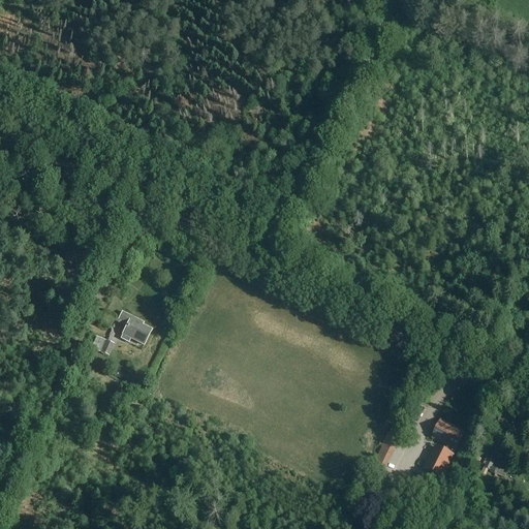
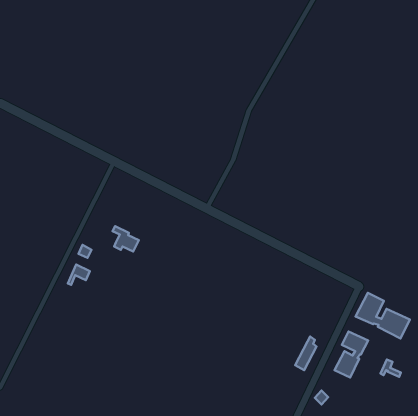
building: [118,311,151,343] -> [113,226,139,252]
building: none -> [356,293,410,338]

